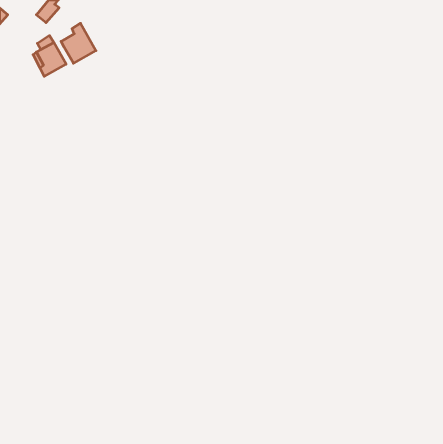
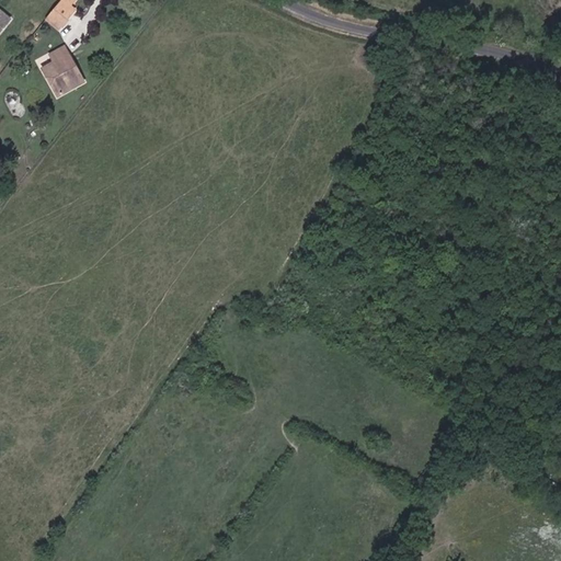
building: [61,23,96,63] -> none

